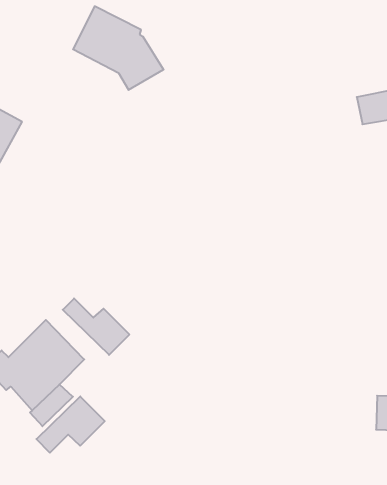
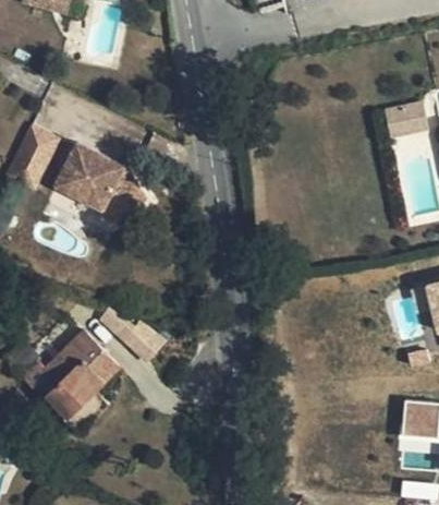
building: [73,6,164,90] -> [59,140,146,220]
building: [36,396,105,453] -> none

